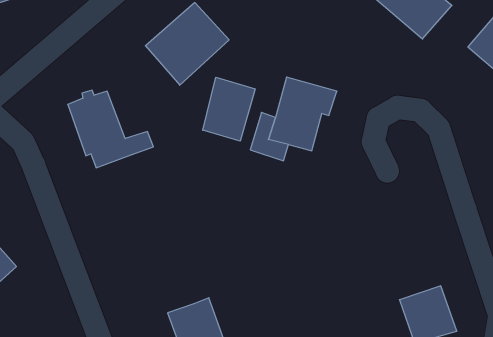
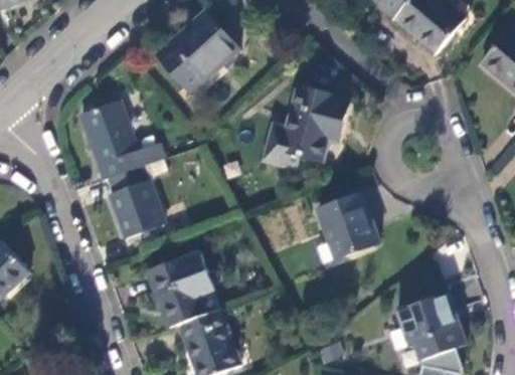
building: [203,77,255,141] -> none
building: none -> [106,166,162,238]
building: none -> [317,192,379,257]
building: none -> [147,251,212,328]

